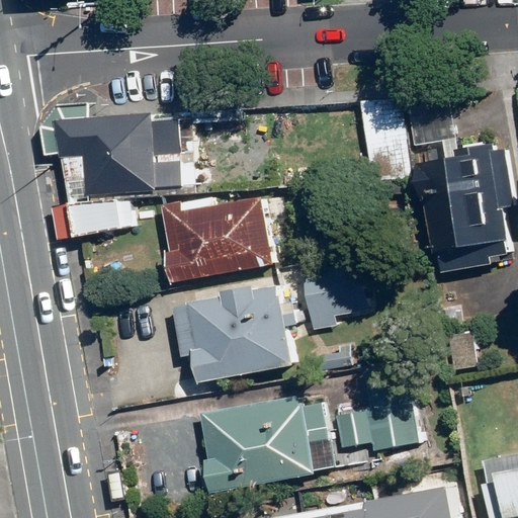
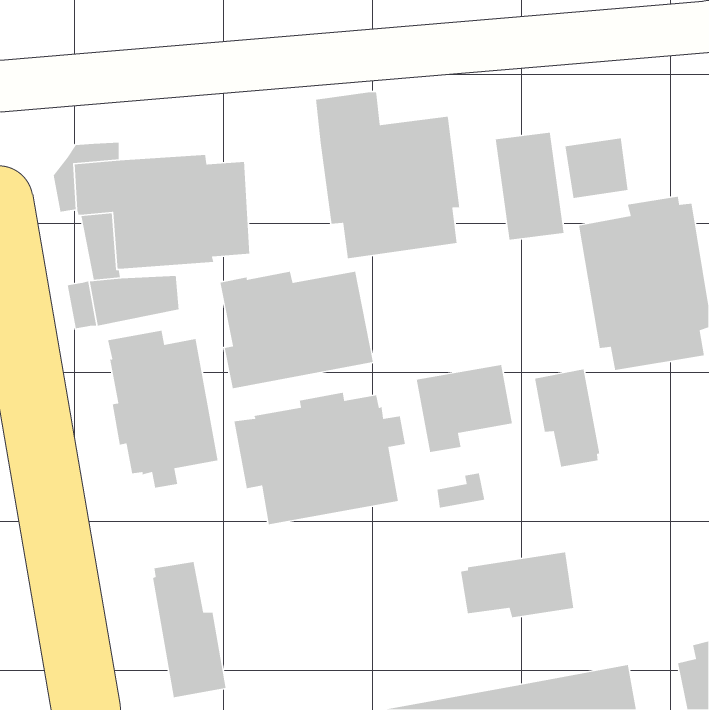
building: none -> [315,92,460,259]
building: none -> [107,330,219,489]
building: none -> [534,369,600,468]
building: [199,396,330,493] -> none
building: none -> [152,561,227,698]

